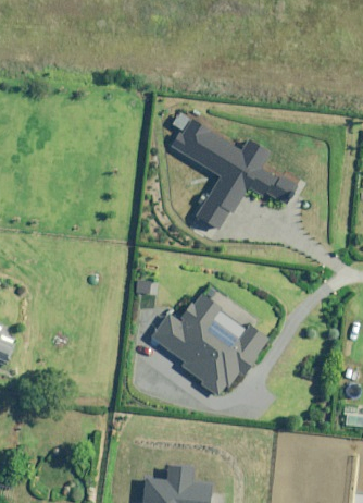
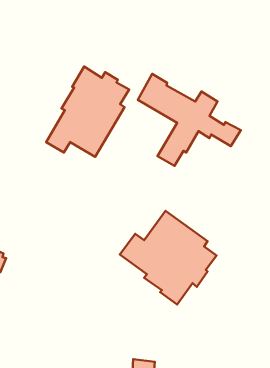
building: none -> [46,67,129,157]

